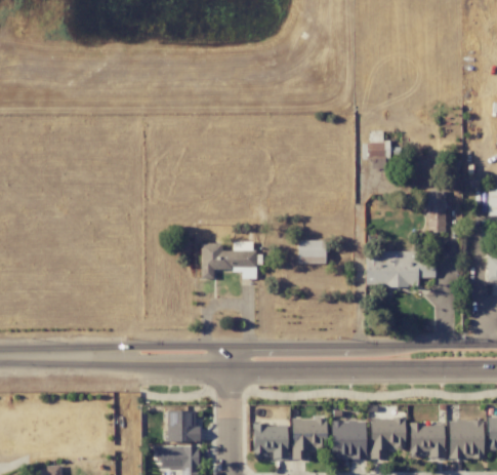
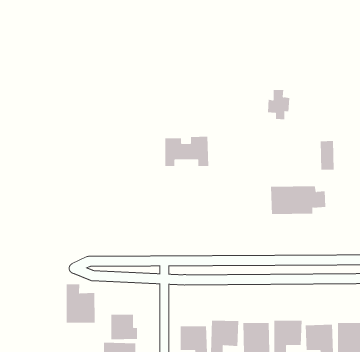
building: [298,240,326,264] -> none
building: [201,241,256,279] -> [165,136,209,167]
building: none -> [66,283,95,324]

